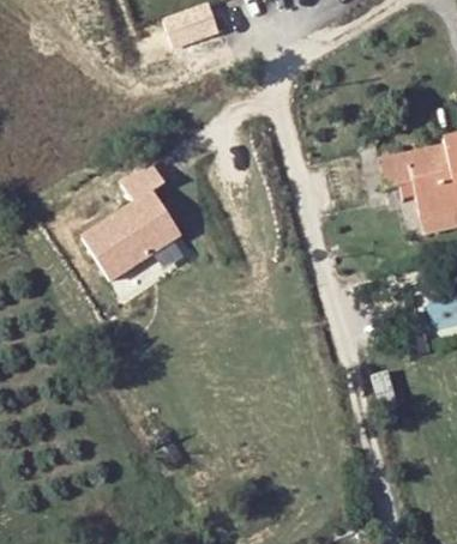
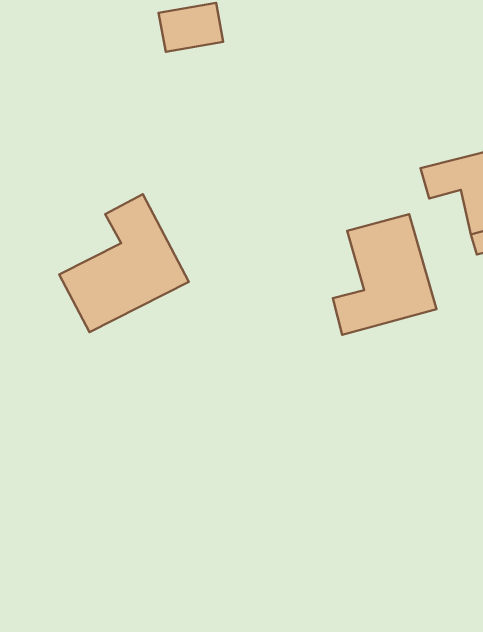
building: none -> [333,214,436,335]

